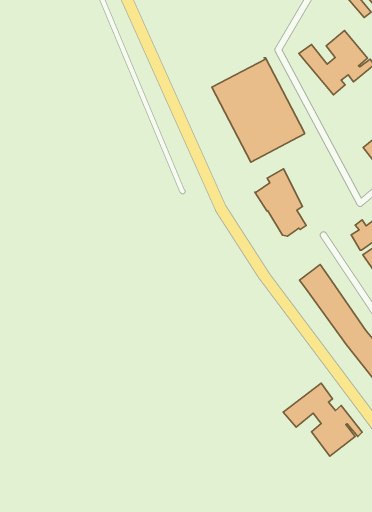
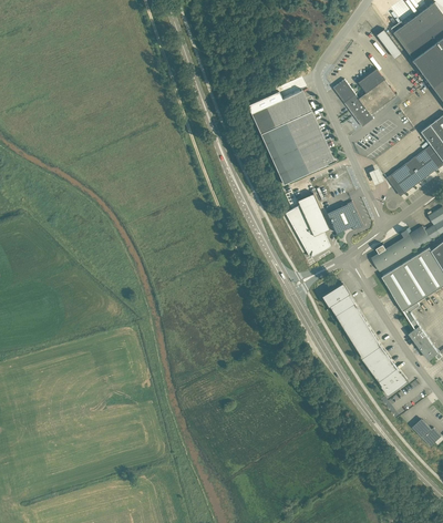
building: none -> [326,202,361,234]
building: [283,383,362,456] -> none

